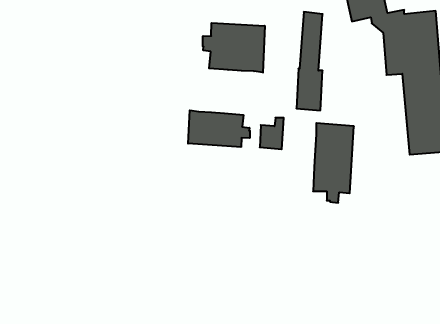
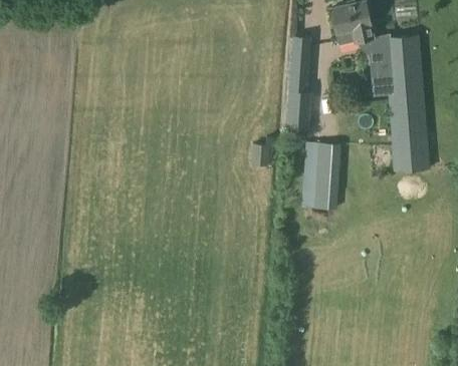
building: [203,23,265,73] -> none
building: [188,110,250,147] -> none

